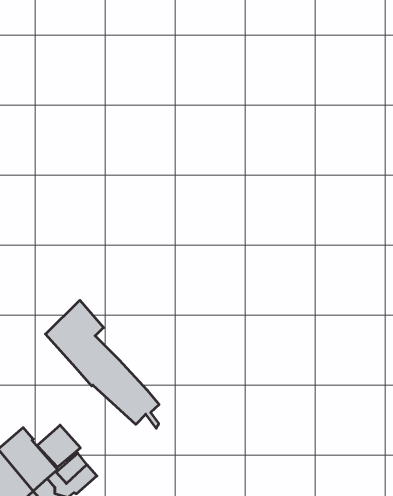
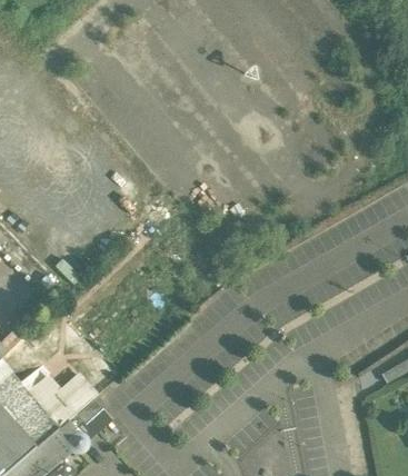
building: [45,300,159,428] -> none

